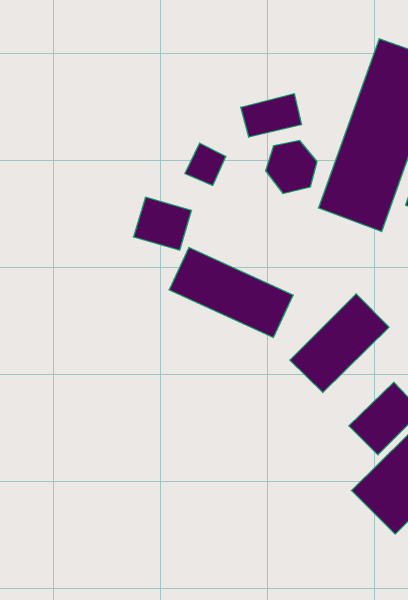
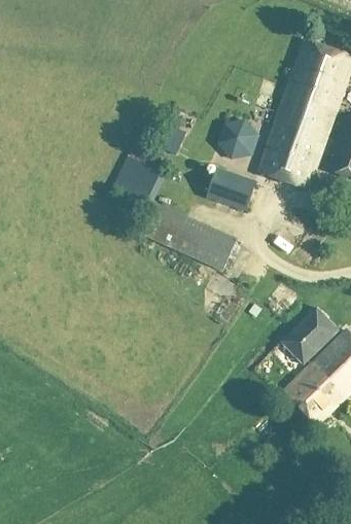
building: [241,94,302,137] -> none
building: none -> [205,169,255,213]
building: [290,294,389,393] -> none

